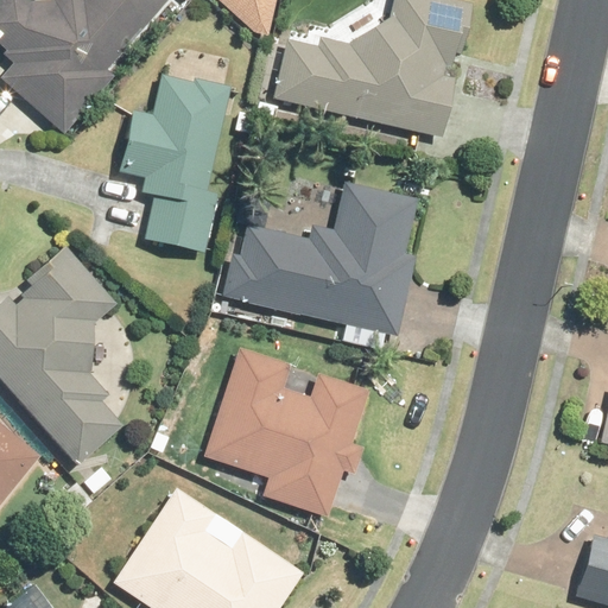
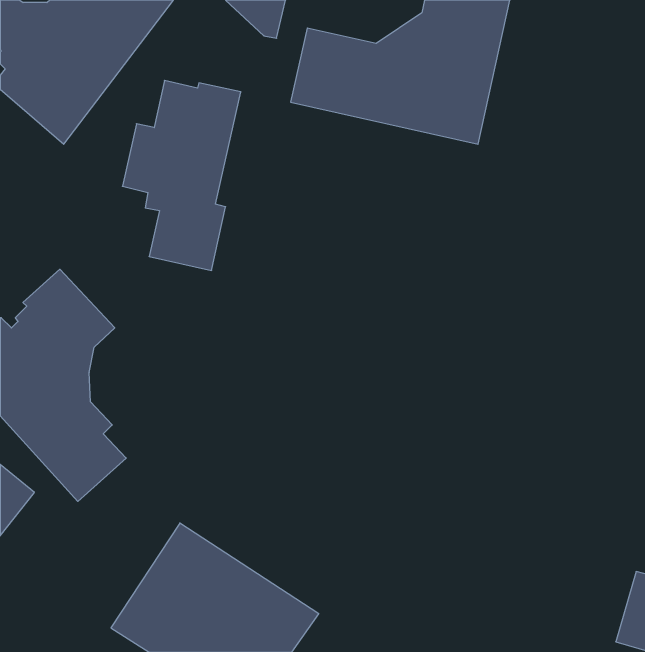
building: [221,176,426,334] -> none
building: [200,347,369,517] -> none

